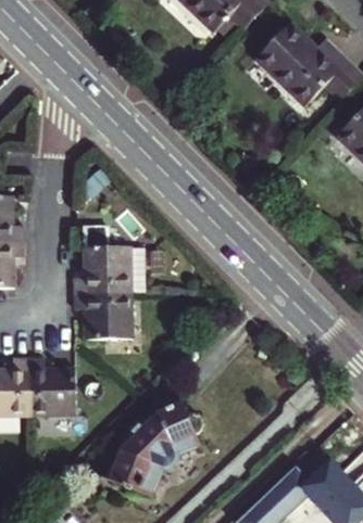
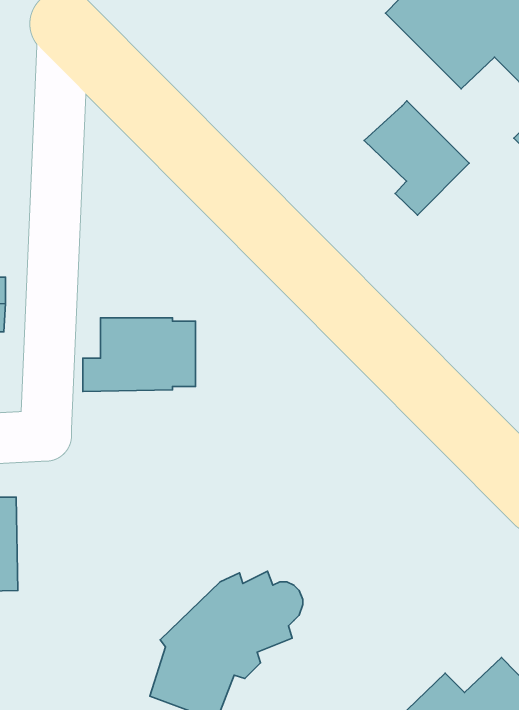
building: none -> [364,101,469,215]
building: [71,292,126,337] -> none
building: [29,358,79,416] -> none

